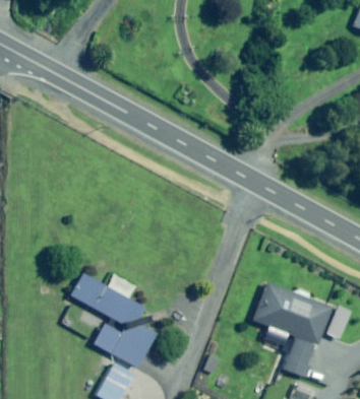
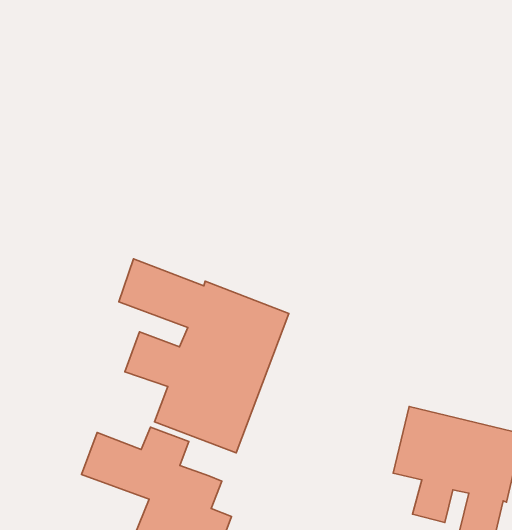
building: none -> [119,259,289,453]

